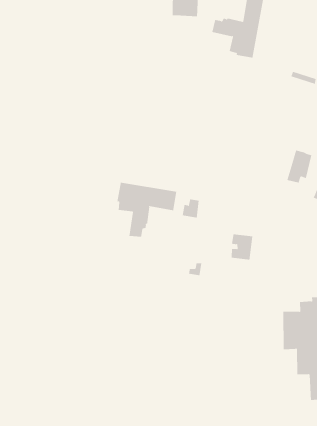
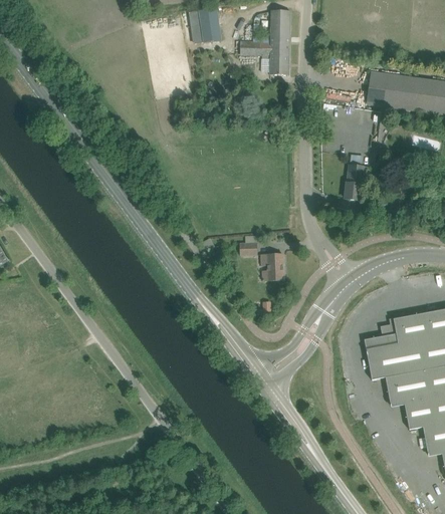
building: [117,182,177,238] -> none
building: [231,234,253,260] -> [261,253,284,280]

